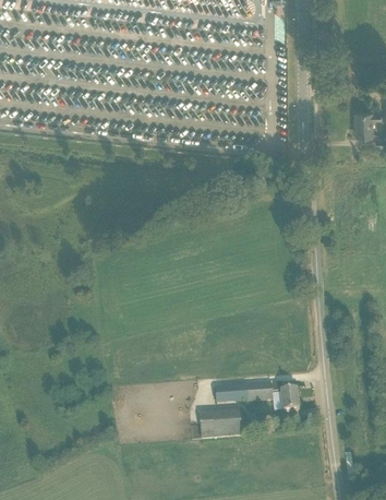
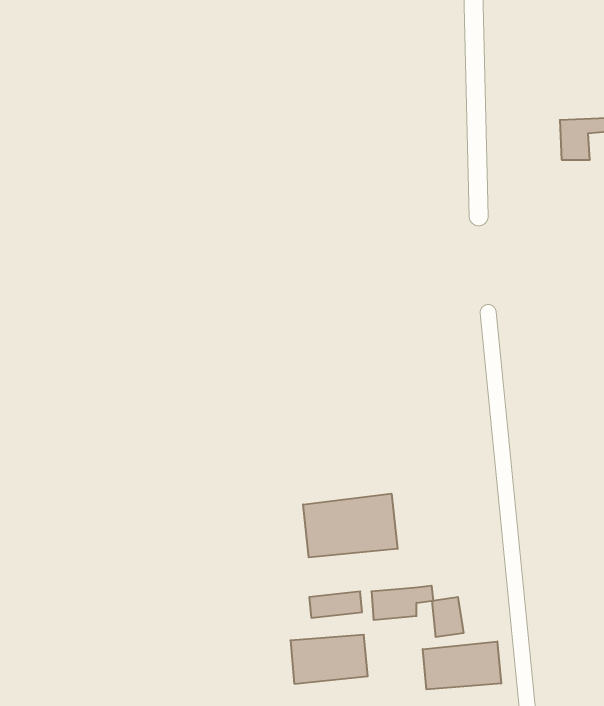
building: none -> [303,494,398,557]
building: none -> [423,641,501,689]

